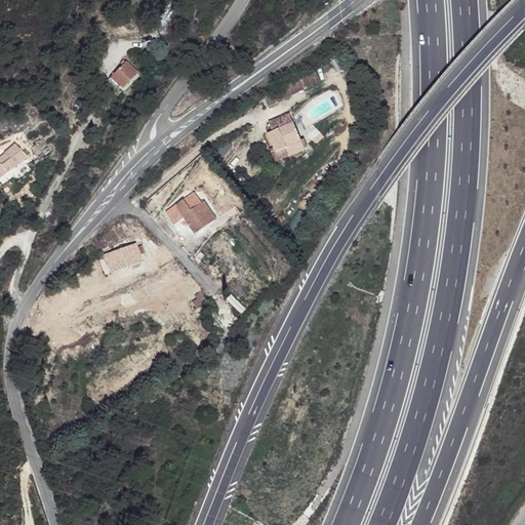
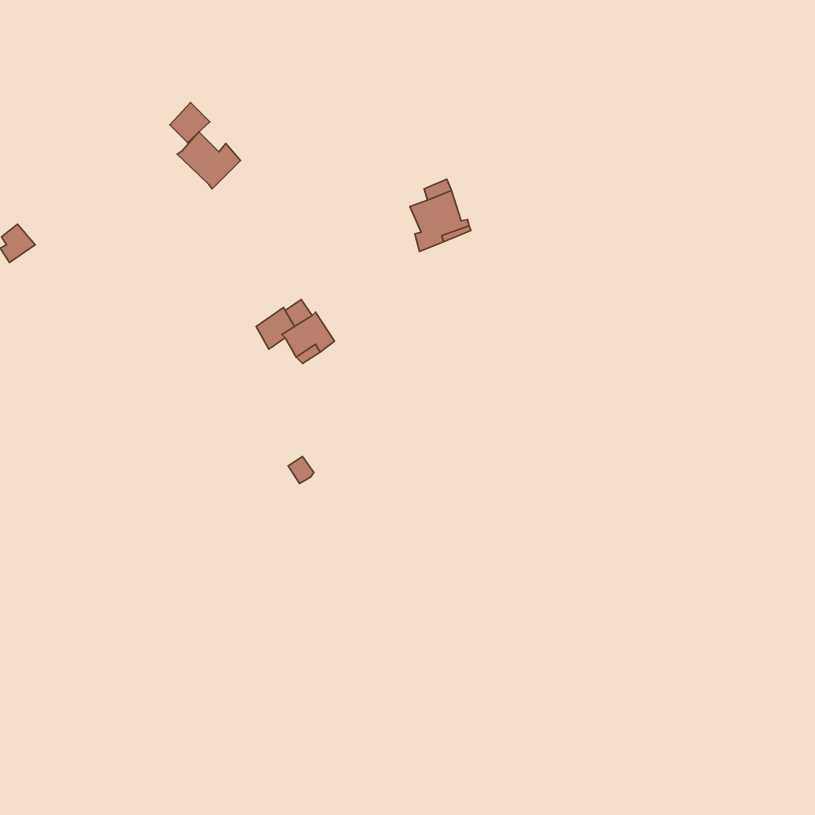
building: none -> [177,132,241,189]
building: [105,240,143,271] -> none

